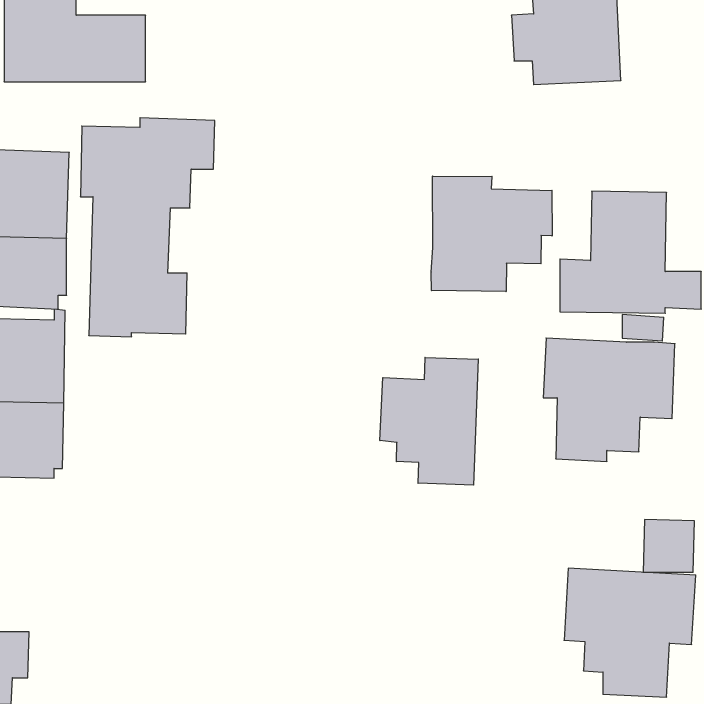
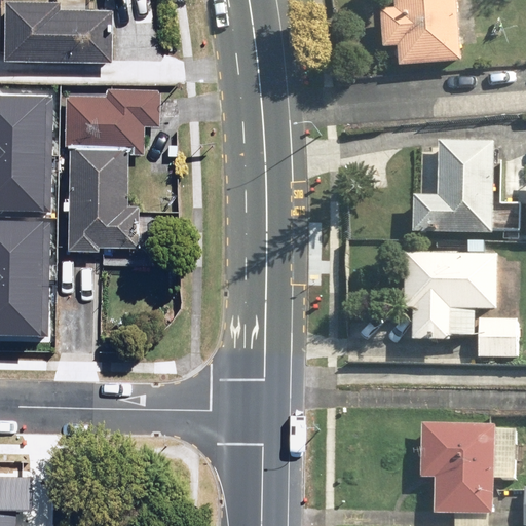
building: [431,176,552,292] -> none
building: [380,357,478,485] -> none
building: [643,520,694,572] -> [477,316,515,355]

